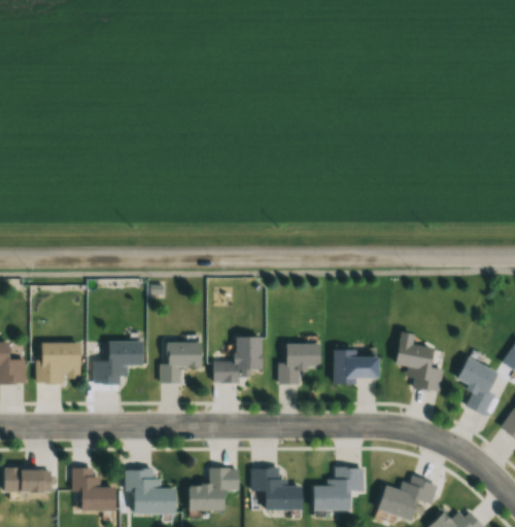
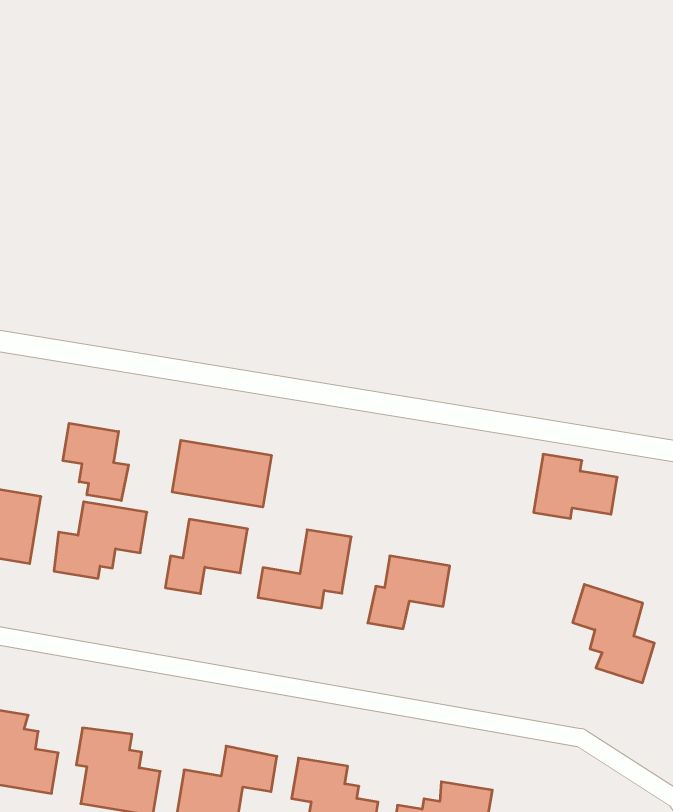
building: none -> [172,440,271,507]
building: none -> [63,423,129,501]
building: [333,350,377,384] -> [534,454,617,518]

